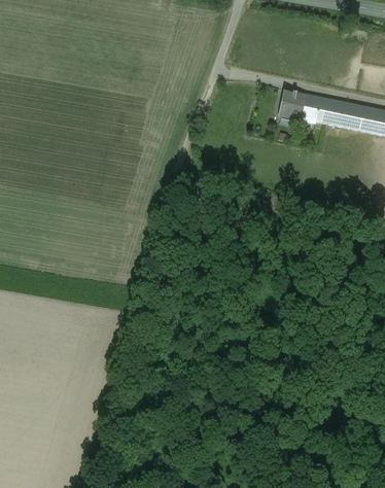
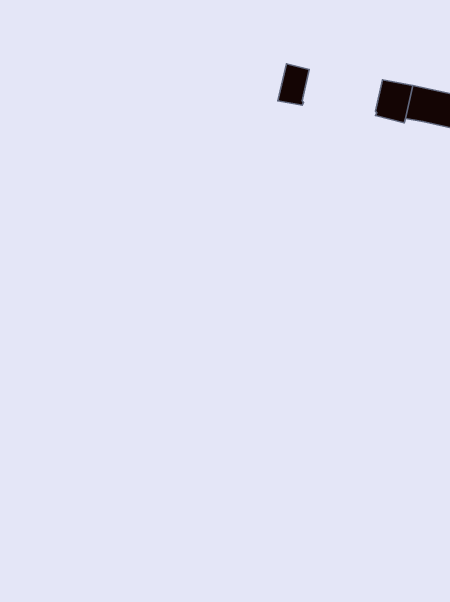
building: [278,89,301,118] -> [278,64,309,105]

